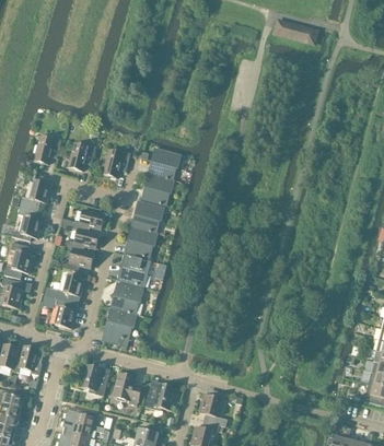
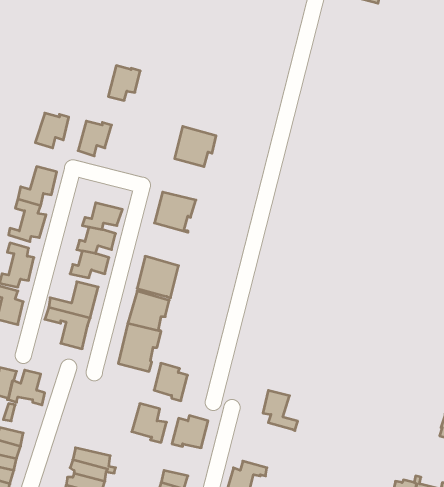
building: [104,149,130,177] -> [108,66,140,100]
building: [140,173,175,204] -> none
building: [125,225,159,257] -> none
building: [81,364,108,395] -> [154,363,188,401]
building: [199,394,228,426] -> [263,390,298,431]

